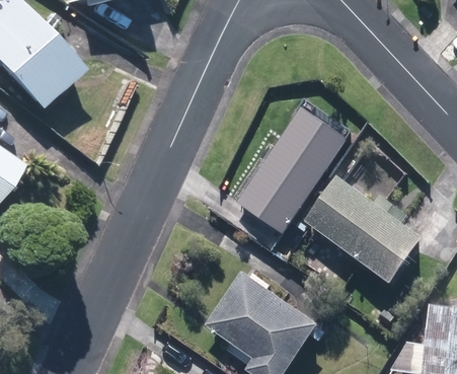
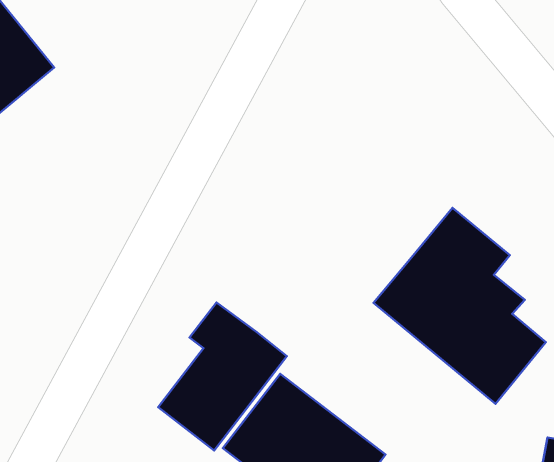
building: [238,103,351,233] -> none
building: none -> [158,303,287,450]

